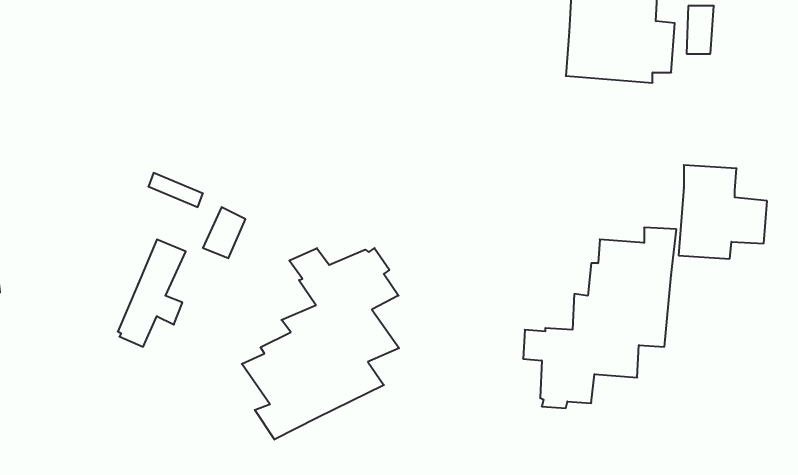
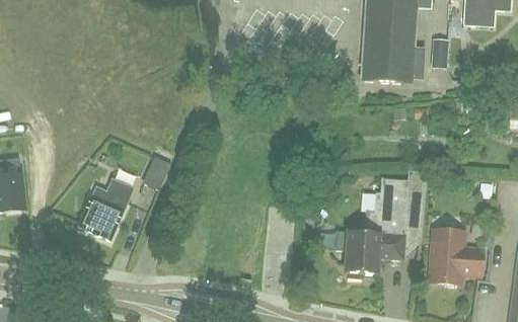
building: [679,165,767,259] -> [430,227,483,283]
building: [242,248,399,440] -> none
building: none -> [78,195,106,231]

